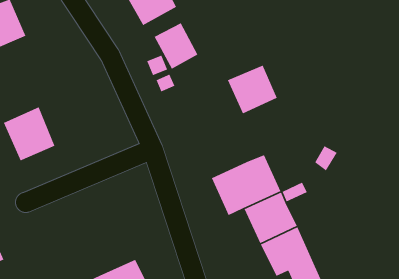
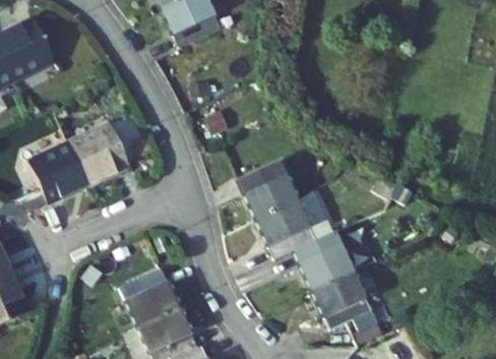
building: [154,22,199,70] -> none
building: [227,65,278,114] -> [242,161,299,217]
building: none -> [67,118,129,181]
building: none -> [117,271,175,325]

